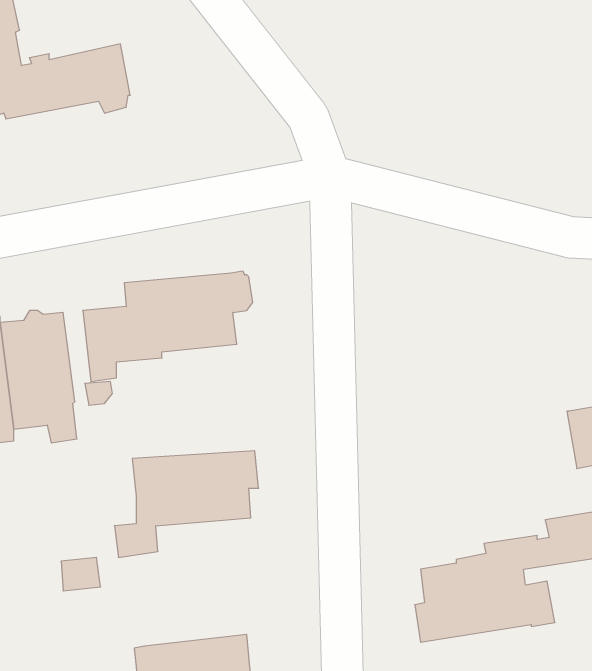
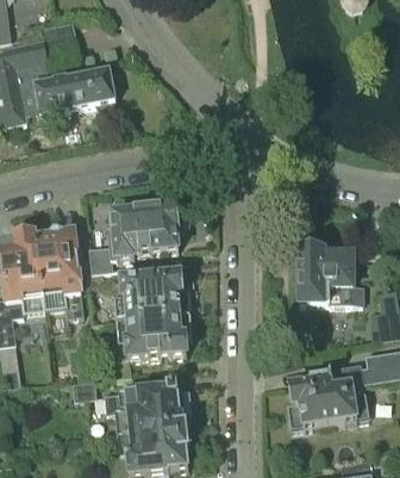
building: none -> [299,248,362,302]
building: none -> [113,272,189,317]
building: none -> [104,384,192,430]

